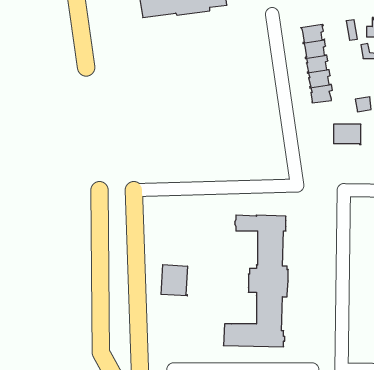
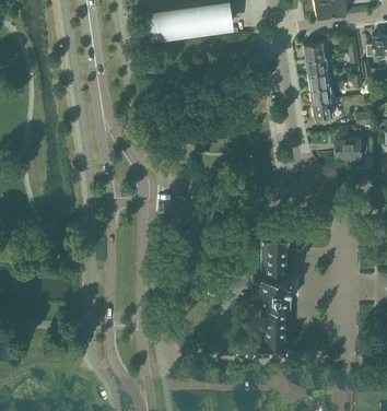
building: [161,265,187,296] -> none

